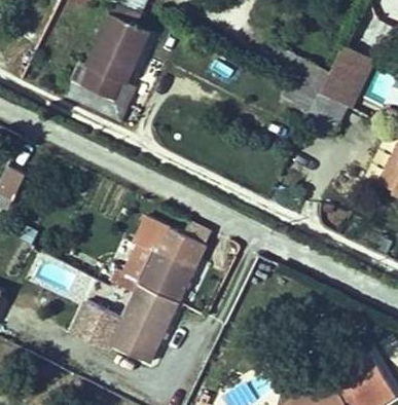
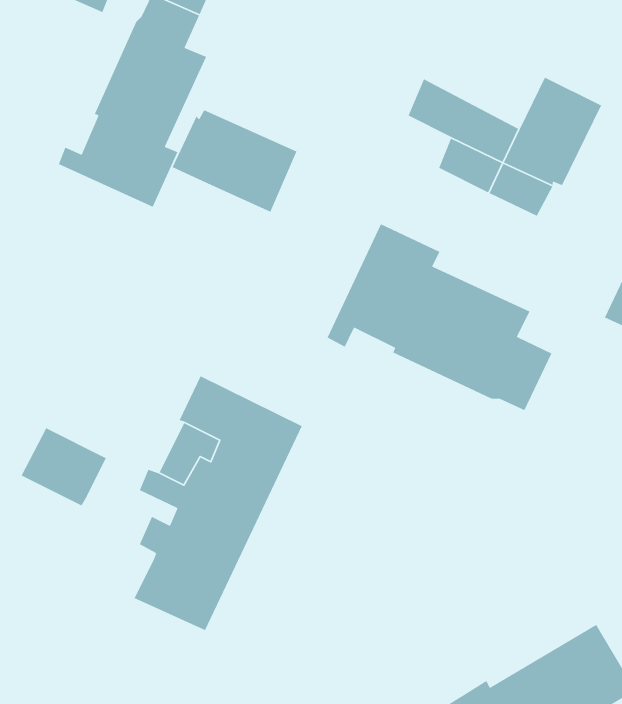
building: none -> [171,109,298,213]
building: none -> [327,223,553,411]
building: [71,302,120,347] -> [20,427,107,507]

